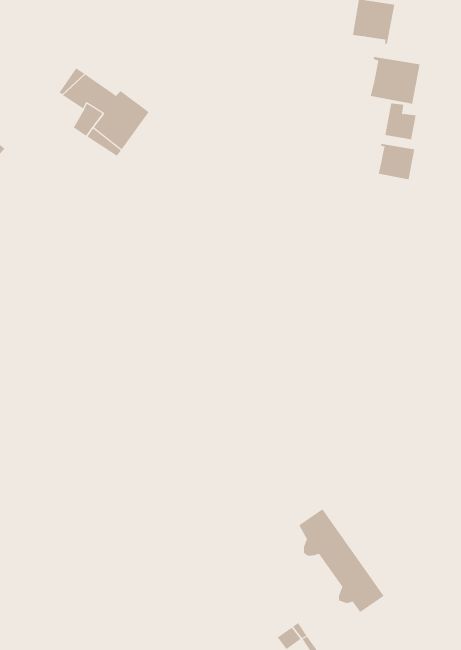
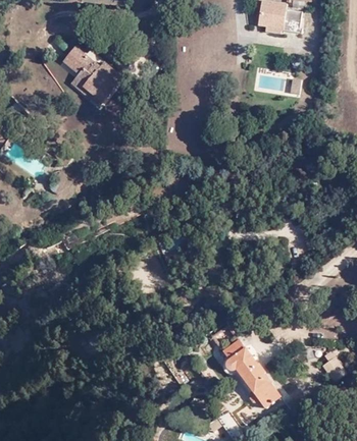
building: [370,56,420,104] -> none
building: [378,143,415,180] -> none

